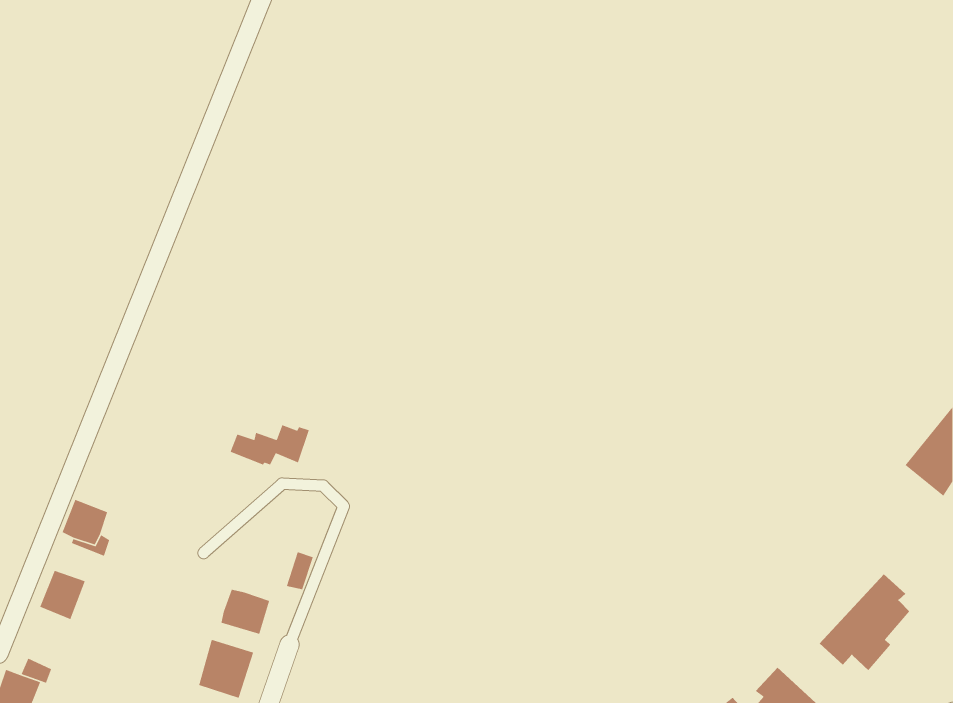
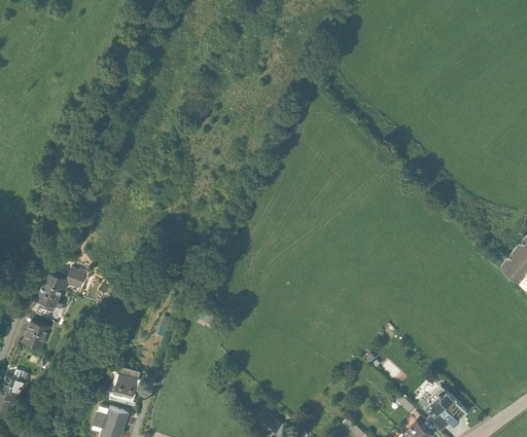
building: [229,424,310,465] -> [41,269,85,292]
building: [819,573,910,671] -> none
building: [221,589,270,635] -> none

